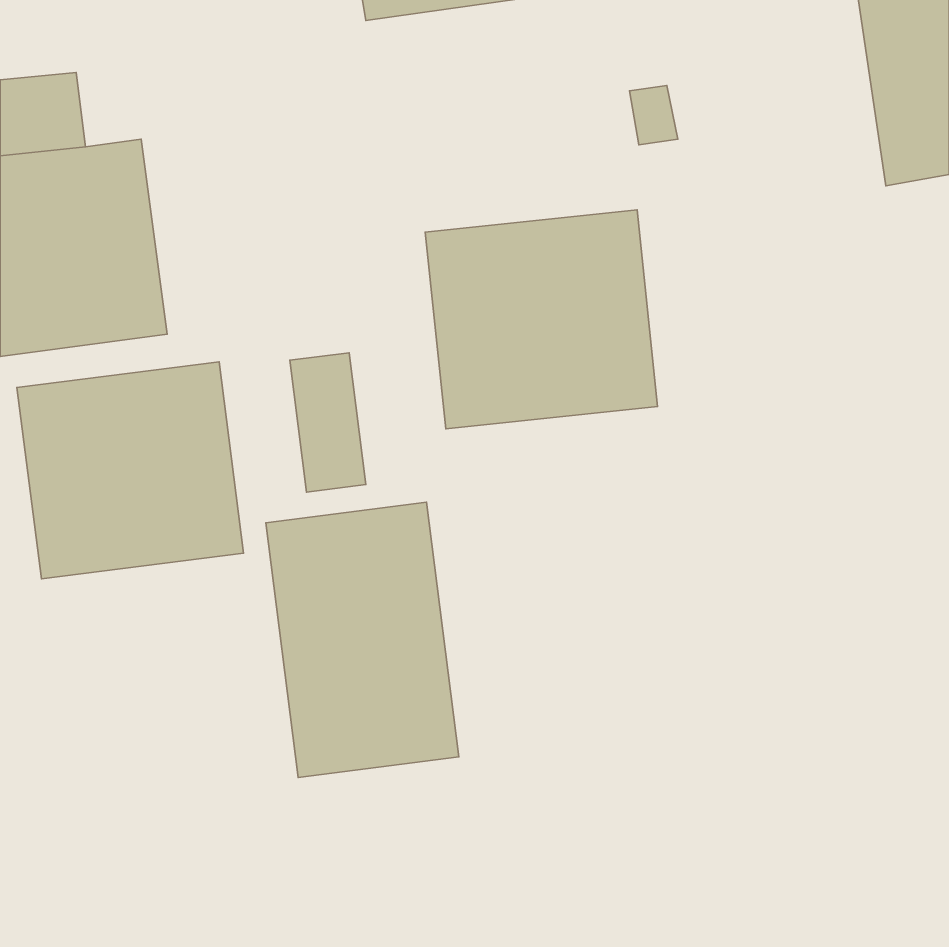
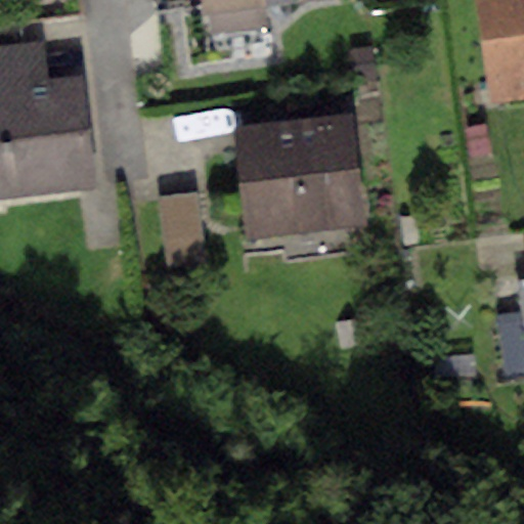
building: [17,362,244,579] -> none
building: [266,502,459,778] -> none

